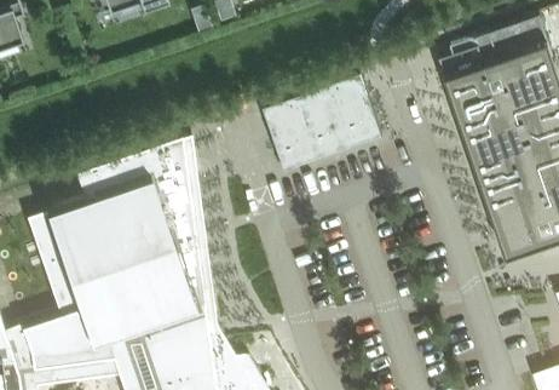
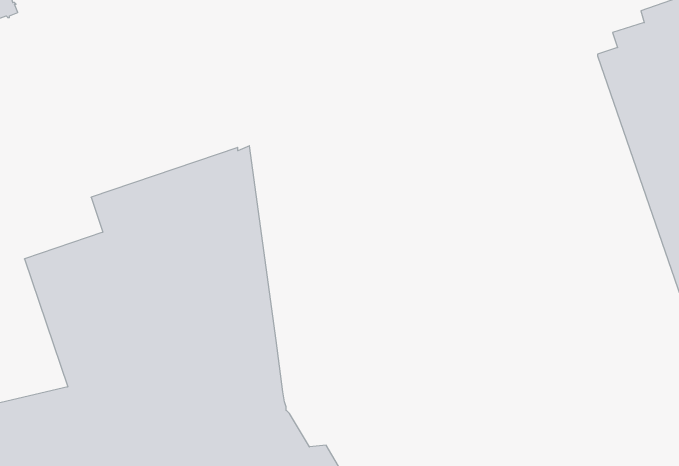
building: [263,75,387,173] -> none

